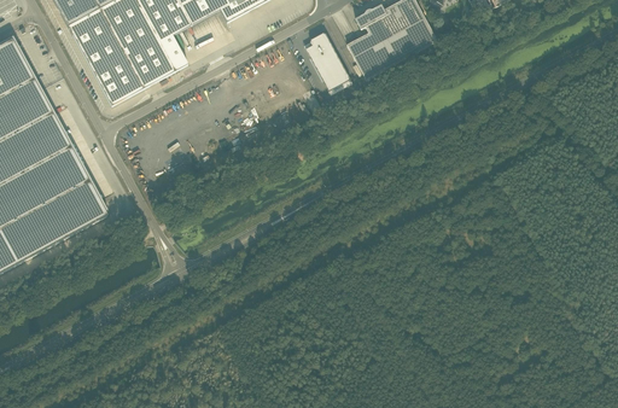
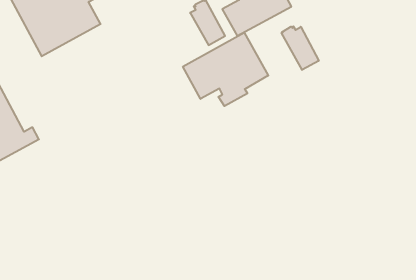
building: none -> [281,26,319,70]
building: none -> [183,33,268,106]

